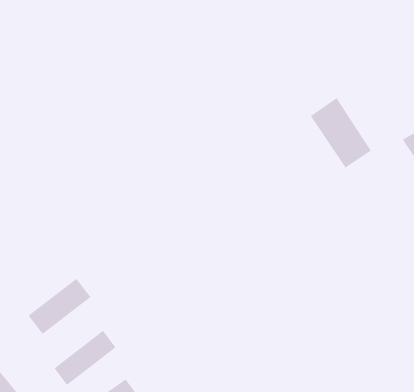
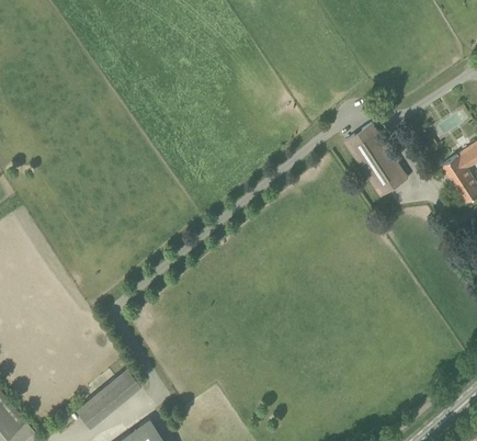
building: [28,278,92,335] -> none

